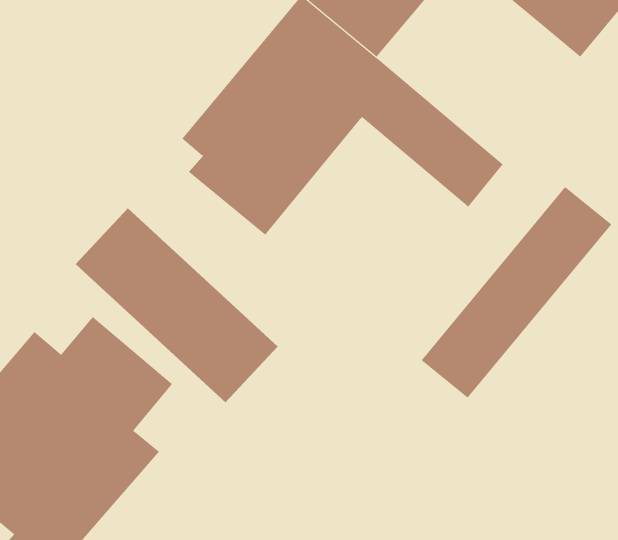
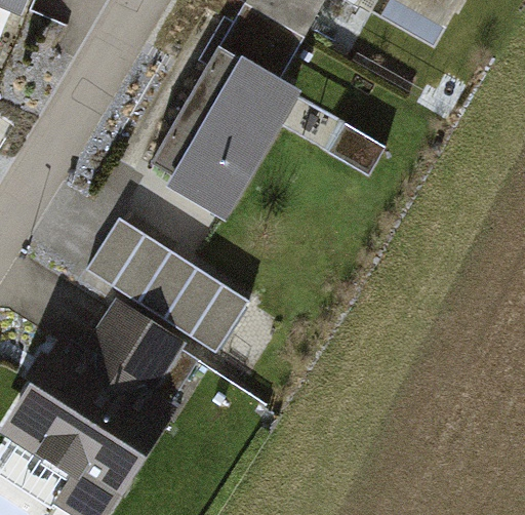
building: [421,186,612,398] -> none

